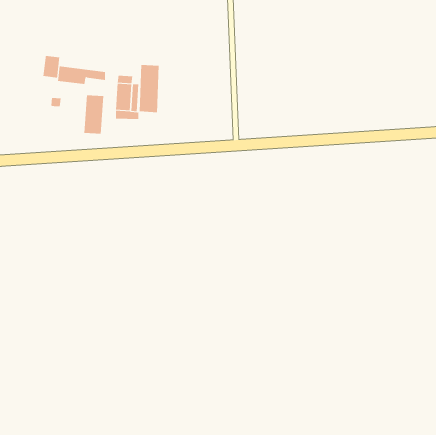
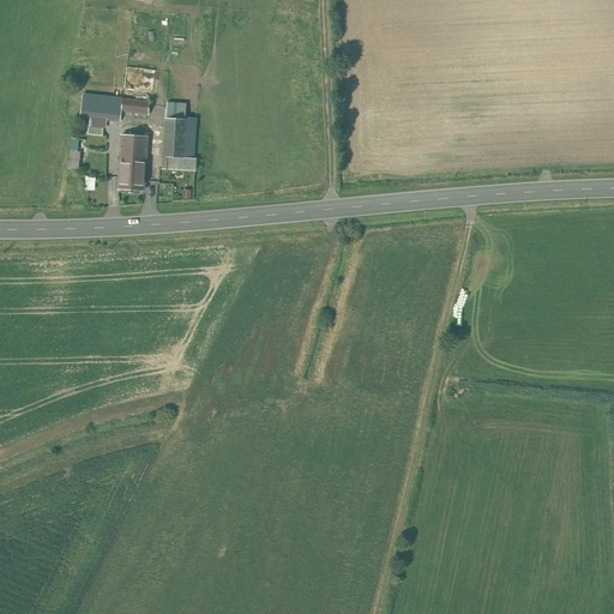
building: [43,55,60,79] -> none
building: [139,64,159,113] -> none

